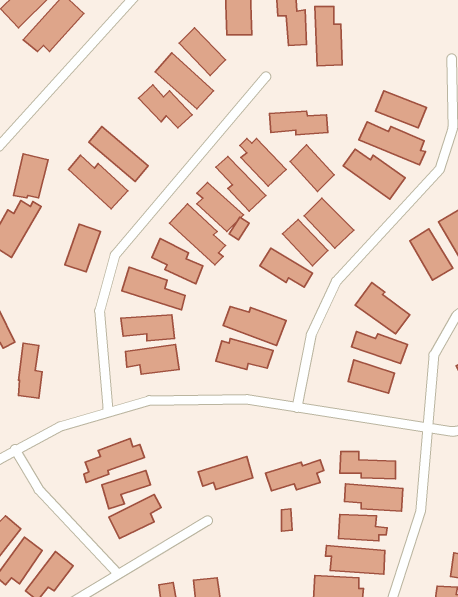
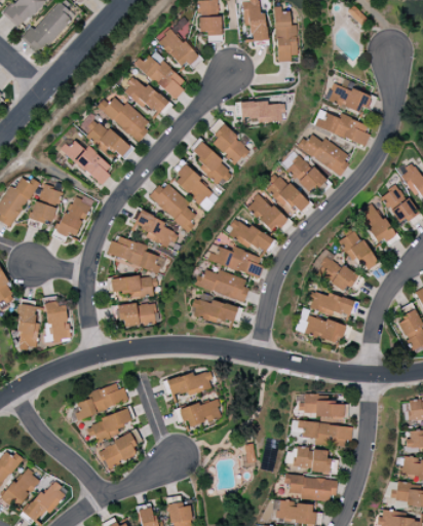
building: none -> [99,93,152,142]
building: [290,145,334,191] -> [286,154,324,194]
building: [14,154,48,198] -> [32,184,62,222]
building: none -> [339,229,379,272]
building: none -> [204,243,264,277]
building: none -> [46,301,70,341]
building: [266,460,324,491] -> [162,370,213,397]

